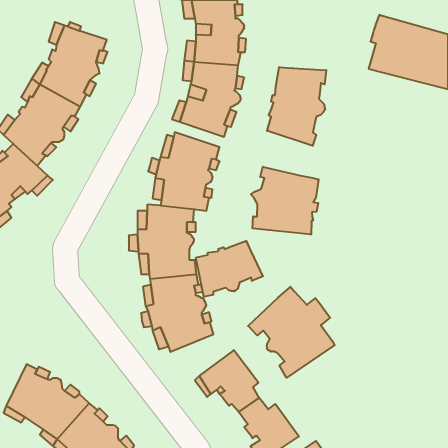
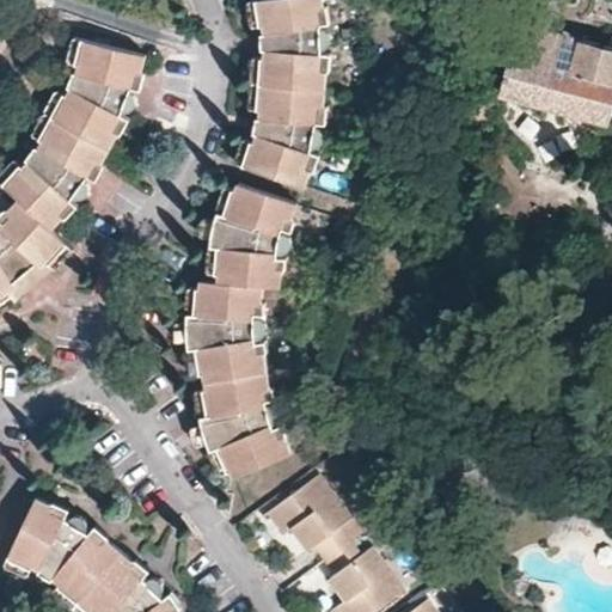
building: [267,67,326,146] -> none
building: [251,167,319,235] -> none
building: [196,241,263,297] -> none
building: [248,287,335,378] -> none

